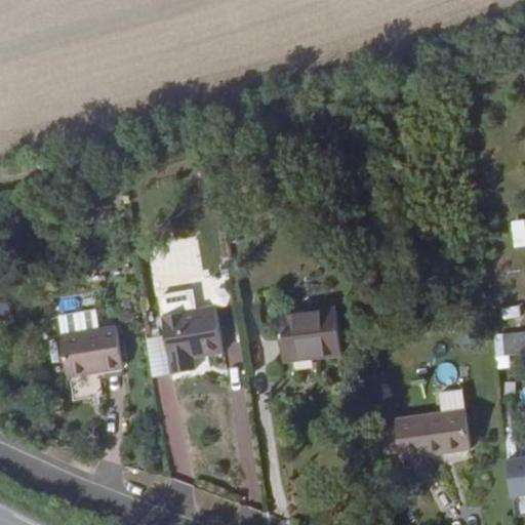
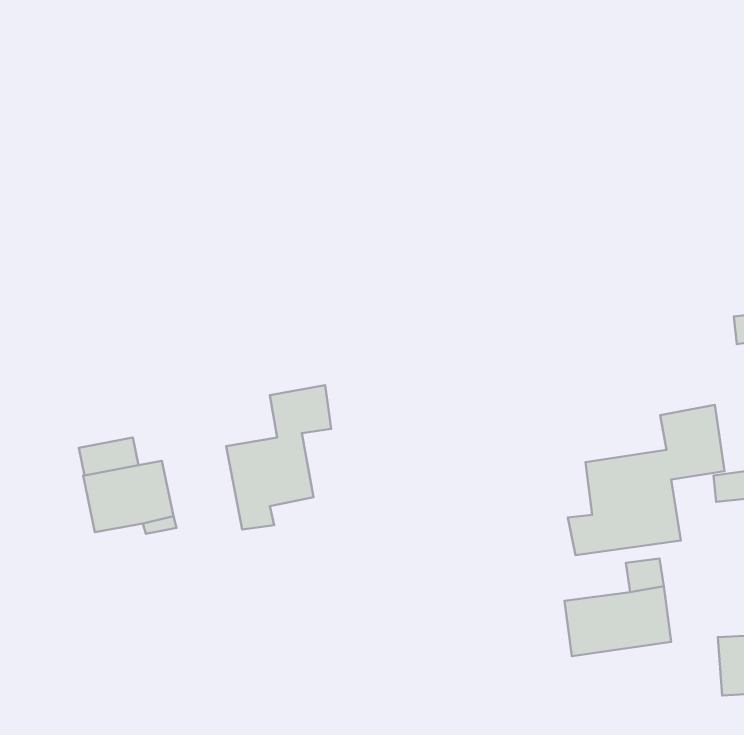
building: none -> [568,405,725,555]
building: [277,310,340,358] -> none

